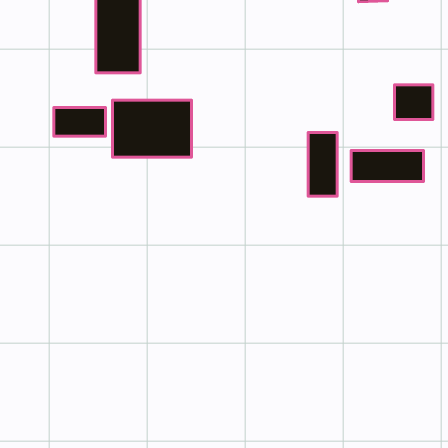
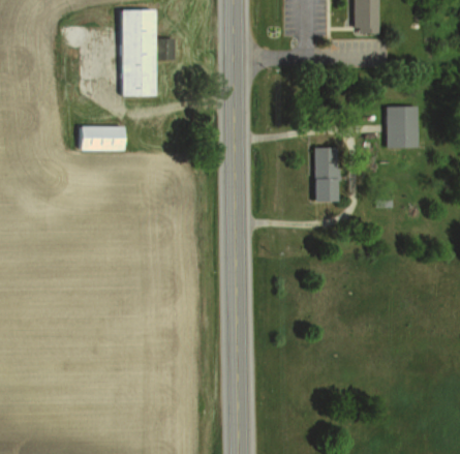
building: [113,100,192,157] -> none
building: [351,150,423,181] -> none

